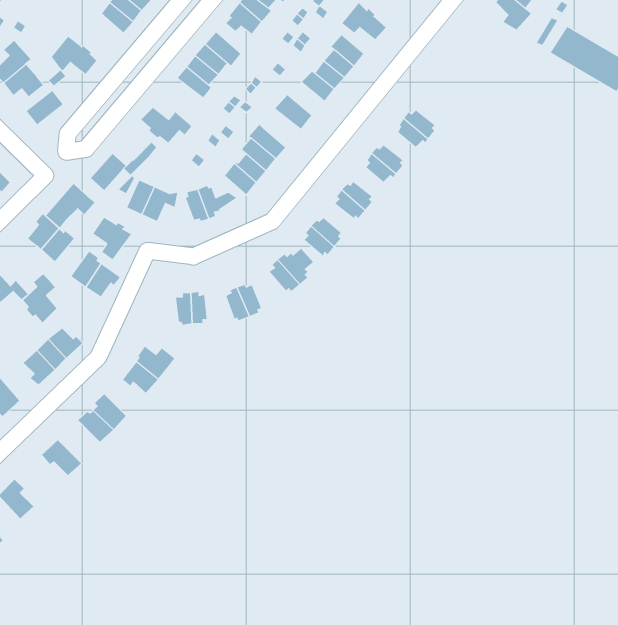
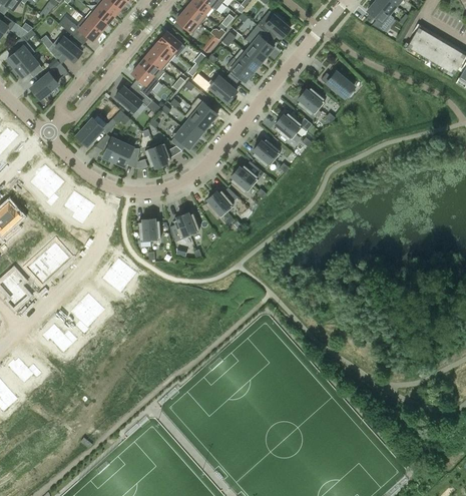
building: none -> [64,17,101,41]
building: none -> [132,64,160,96]
building: none -> [321,71,354,97]
building: [46,183,96,228] -> none
building: [93,217,132,260] -> none
building: [22,274,57,323] -> none

